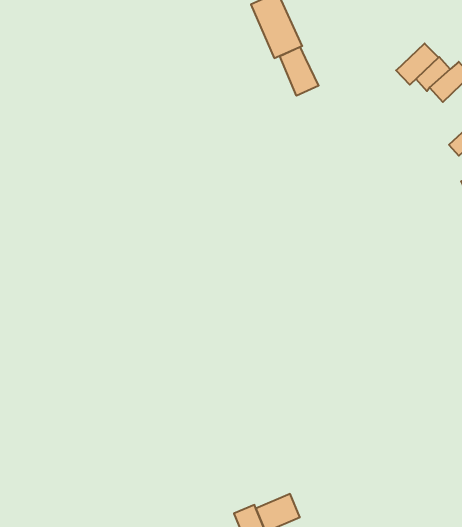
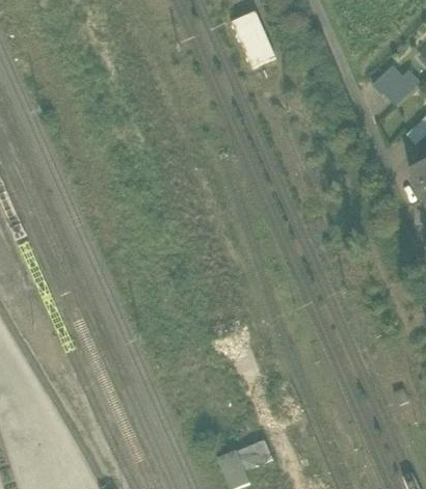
building: [396,43,438,85] -> none
building: [280,47,319,96] -> none

